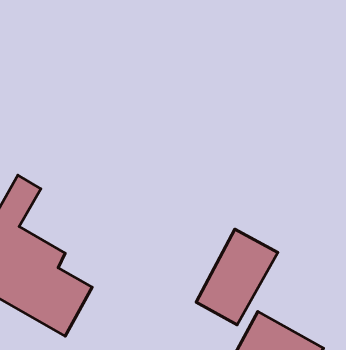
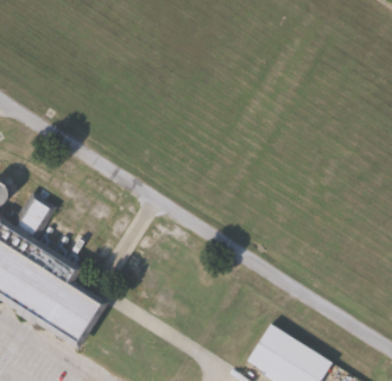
building: [196,229,278,325] -> none

